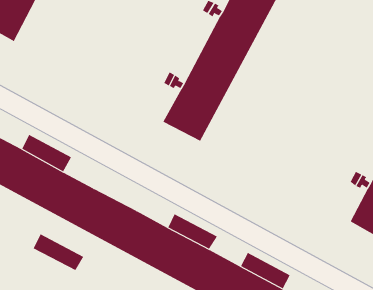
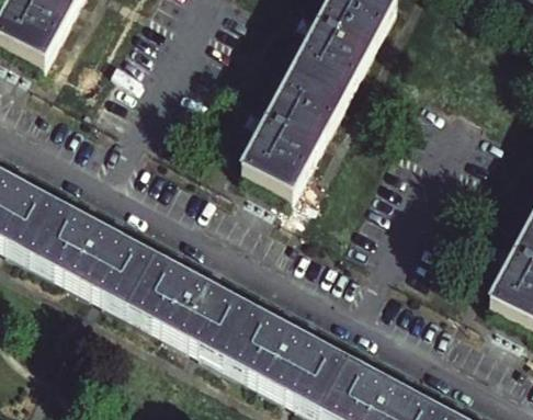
building: [33,234,84,271] -> [148,243,216,293]

